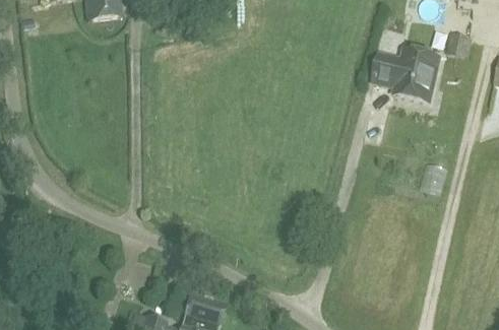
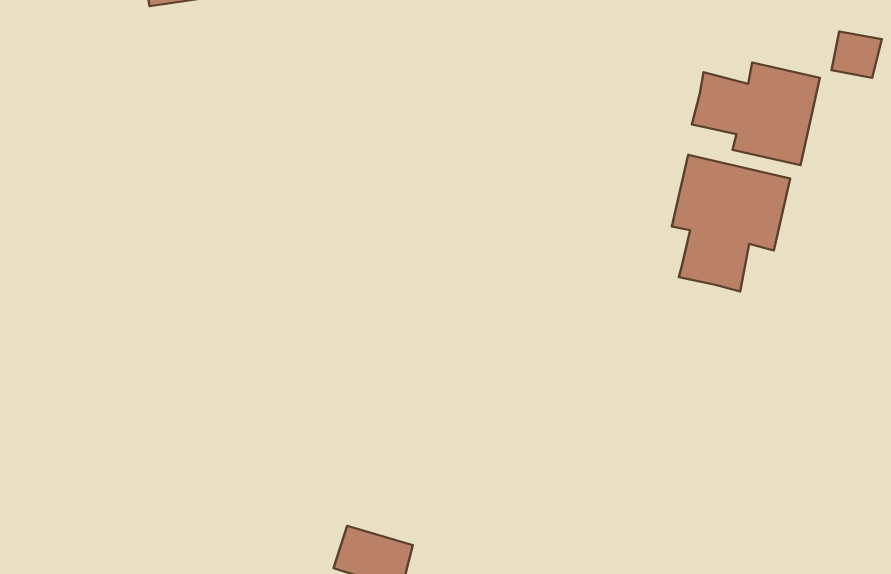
building: none -> [672,155,790,292]

